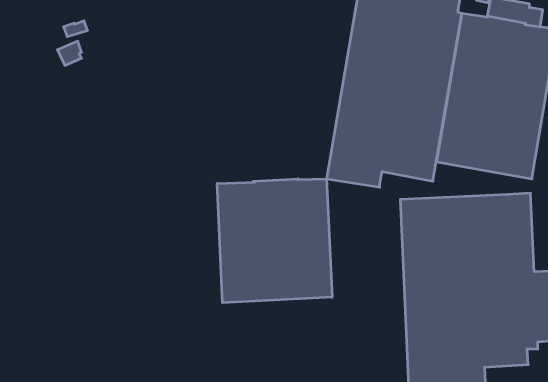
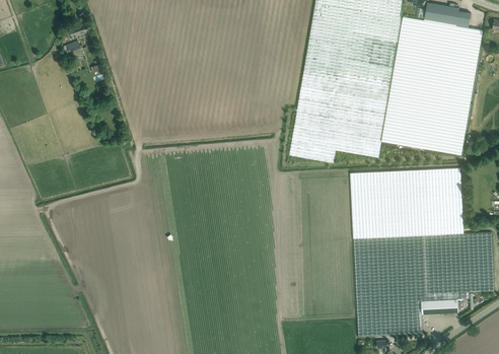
building: [217,179,332,303] -> none

